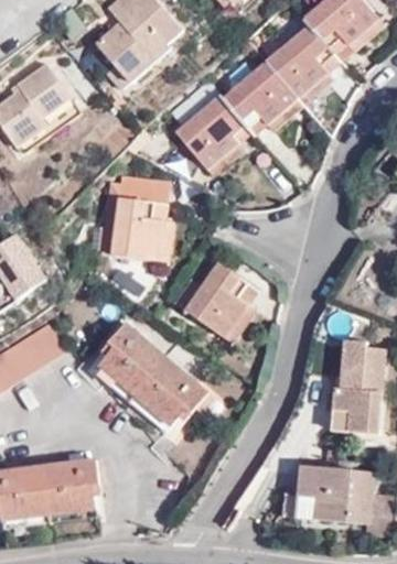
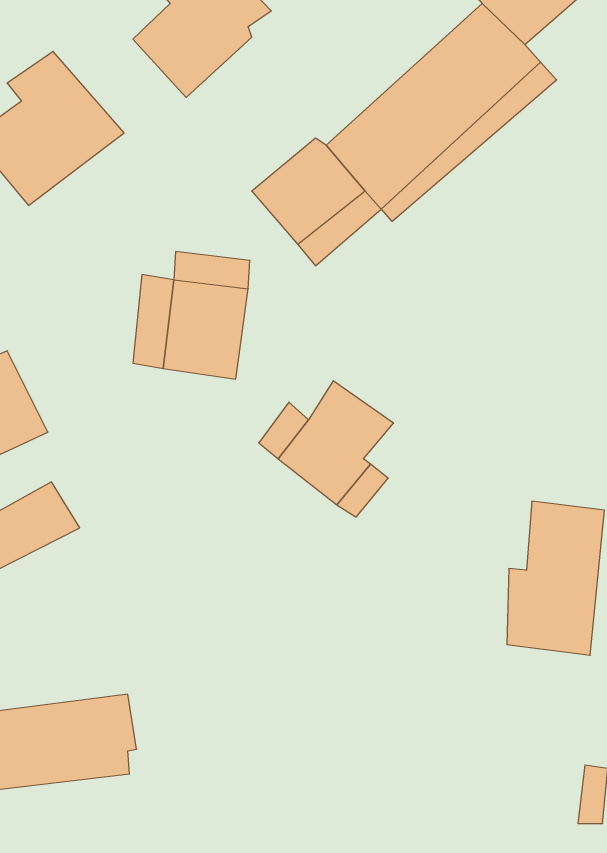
building: [94,318,201,421] -> none
building: [283,462,373,520] -> none

